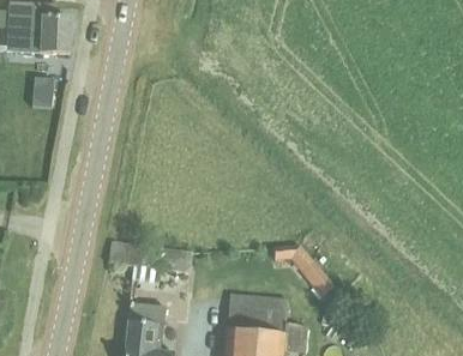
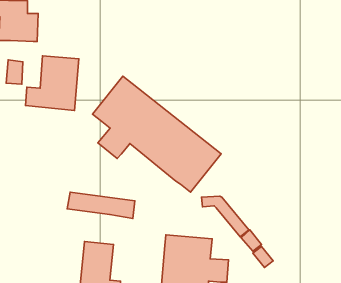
building: none -> [25,56,79,110]
building: none -> [92,76,221,192]

